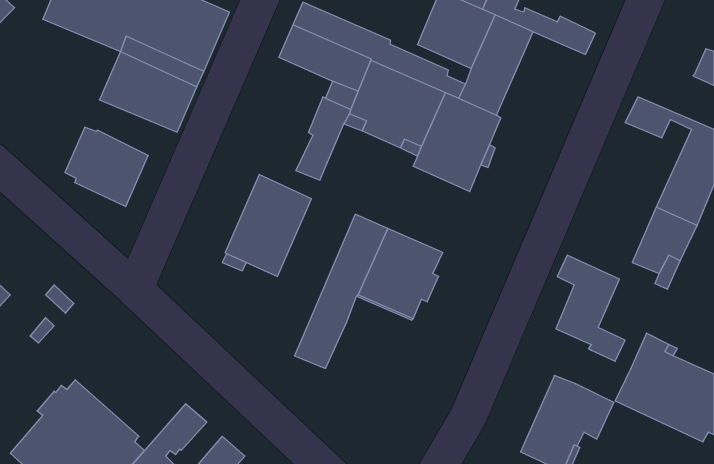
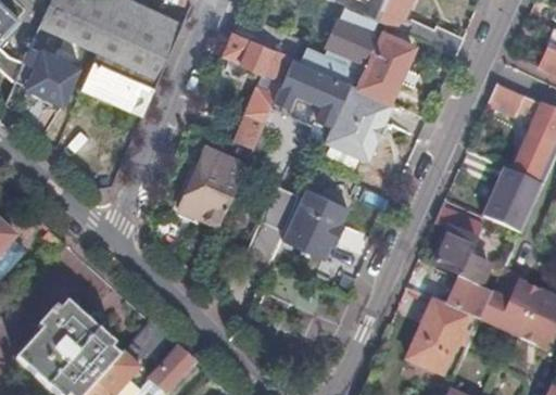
building: [65,127,148,206] -> [16,44,80,105]
building: none -> [448,280,491,320]

